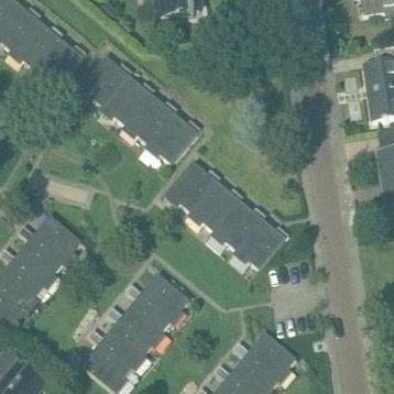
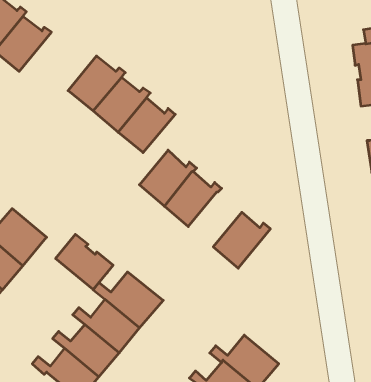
building: [79,55,133,106] -> none
building: [214,199,266,250] -> none
building: none -> [56,234,113,290]

